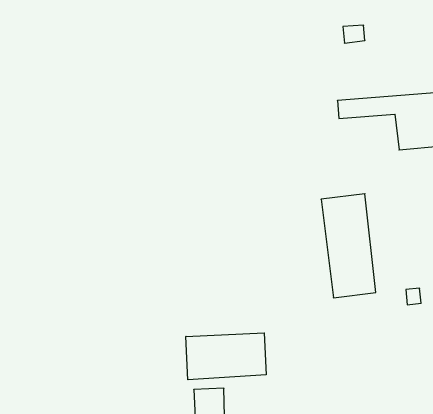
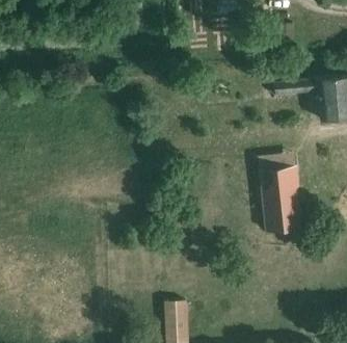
building: [186,333,266,380] -> none

